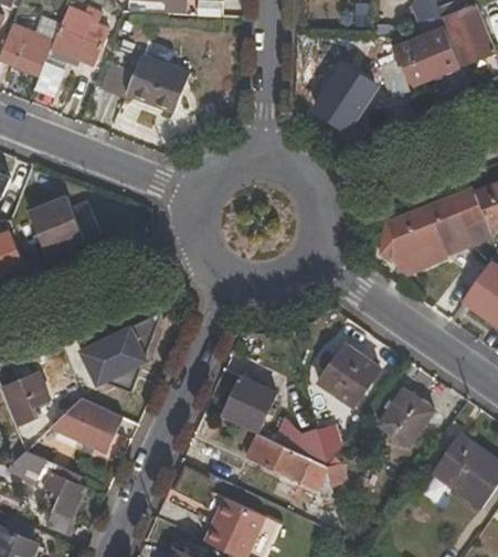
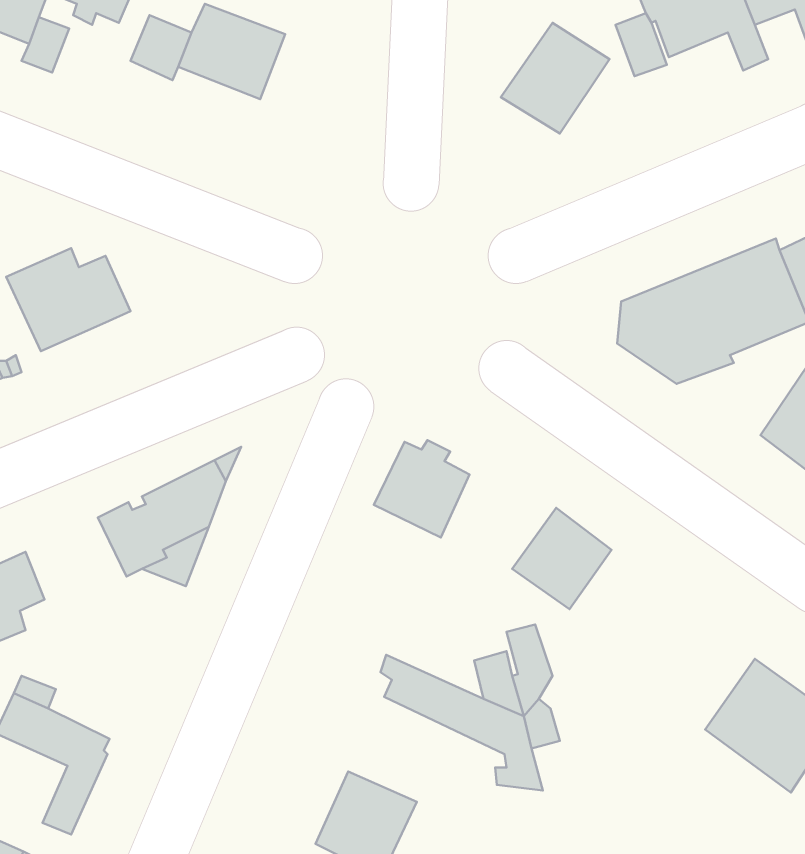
building: [221,374,276,430] -> [374,440,469,537]
building: [379,387,433,443] -> none
building: [50,396,121,452] -> none

